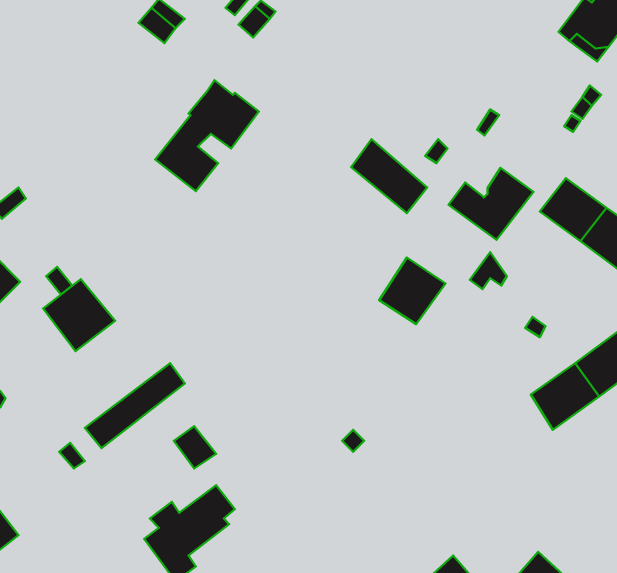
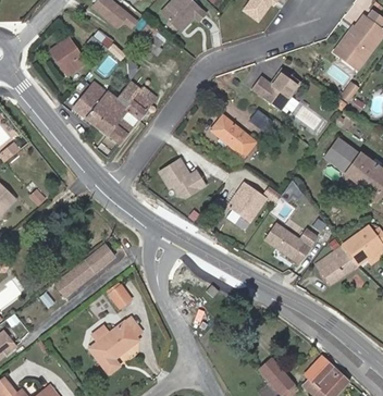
building: none -> [51,37,86,75]
building: none -> [74,82,116,125]
building: [449,168,534,240] -> [251,67,301,110]
building: none -> [160,158,206,196]
building: [43,279,115,351] -> none
building: none -> [265,222,319,260]

